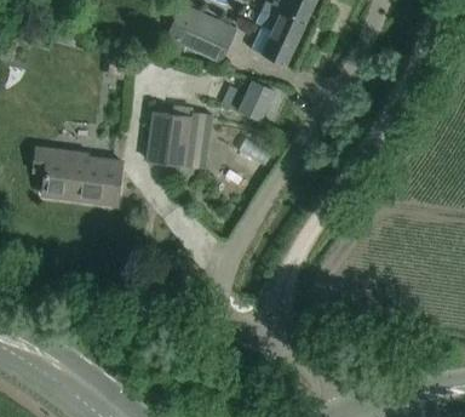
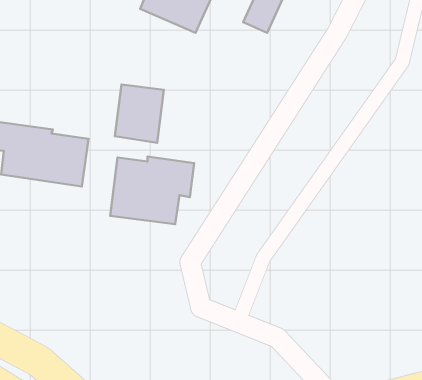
building: [239,81,274,121] -> none
building: none -> [110,157,194,224]

